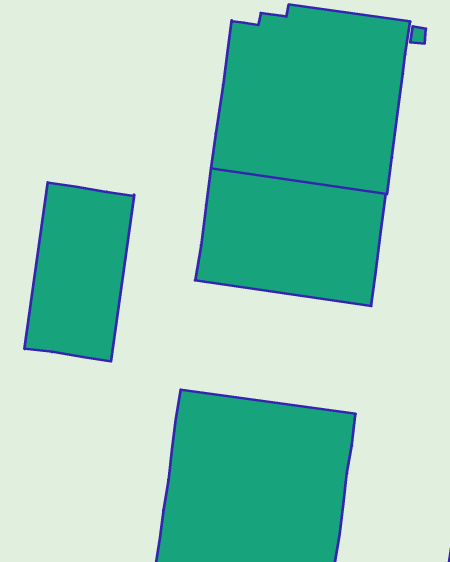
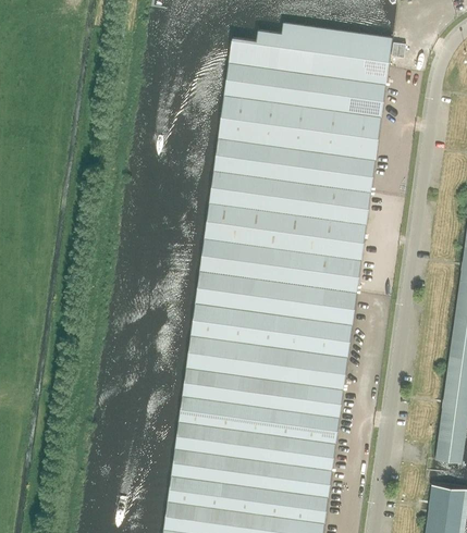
building: [25,182,134,361] -> none
building: none -> [186,271,357,391]

